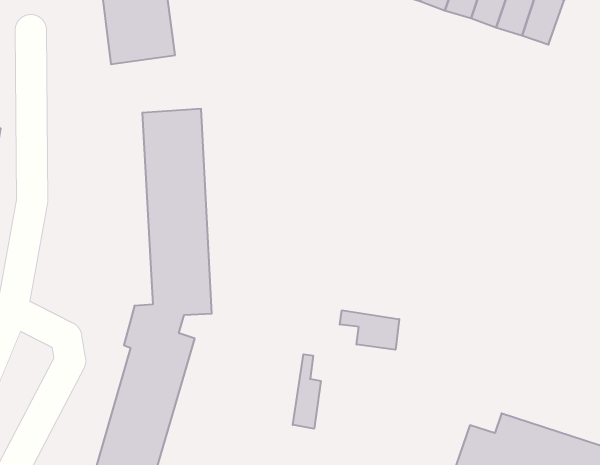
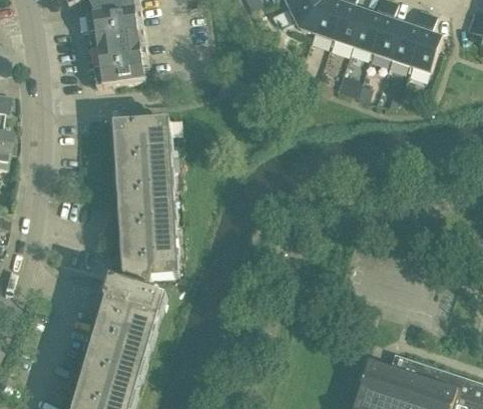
building: [340,310,399,350] -> none
building: [293,354,321,429] -> none

